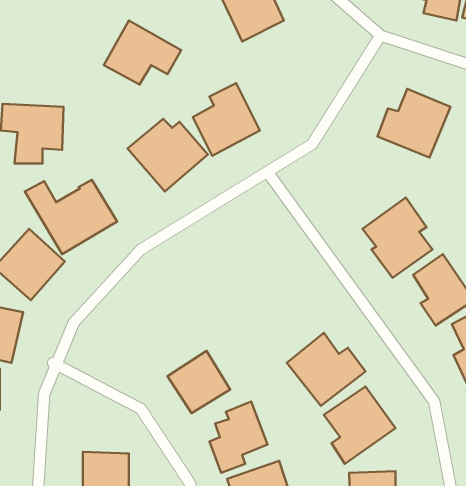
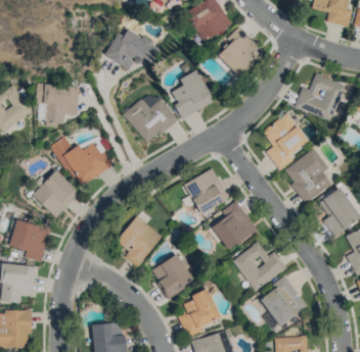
building: none -> [215,28,263,77]
building: none -> [263,113,308,170]
building: none -> [184,168,229,214]
building: none -> [211,200,257,250]
building: none -> [117,215,162,266]

